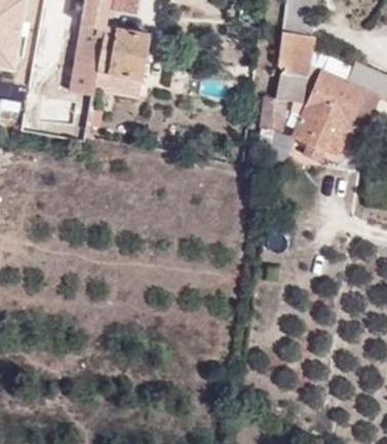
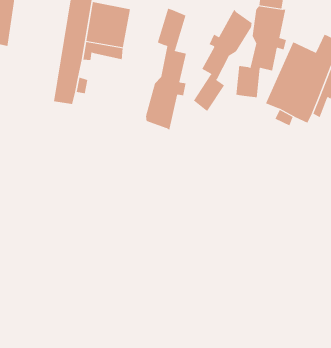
building: none -> [146,8,186,131]
building: none -> [193,9,252,112]

